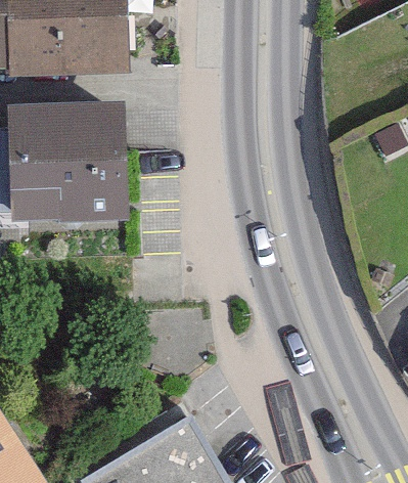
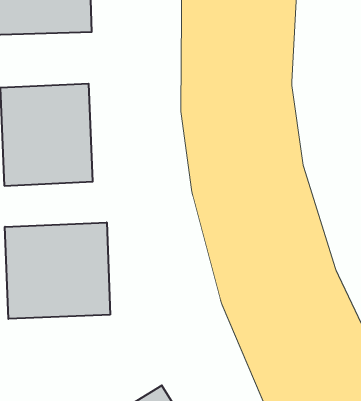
building: none -> [5,222,110,319]

